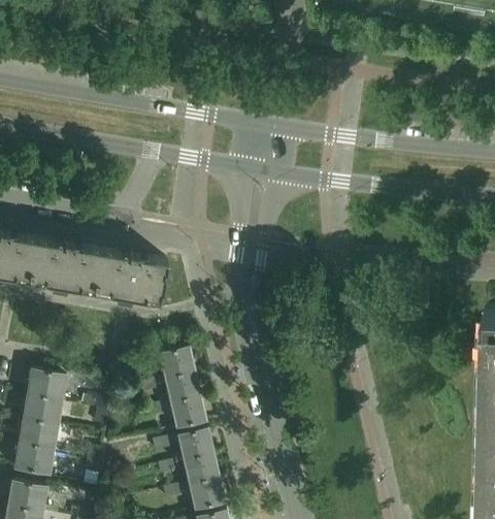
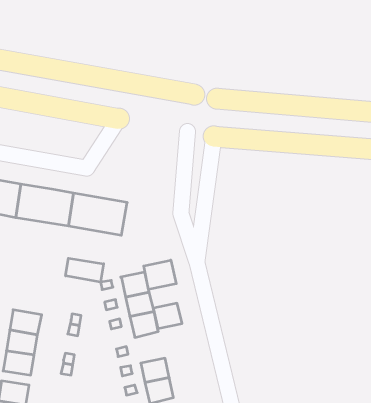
building: none -> [66,258,104,282]
building: none -> [144,260,176,290]
building: [27,369,66,400] -> none
building: [178,429,213,460] -> [154,303,182,328]

